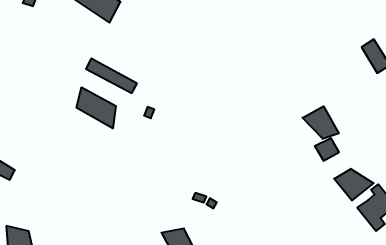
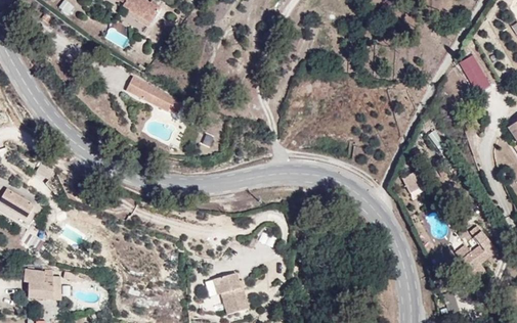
building: [76,87,116,128] -> none
building: [302,106,339,139] -> none
building: [334,169,374,201] -> none

